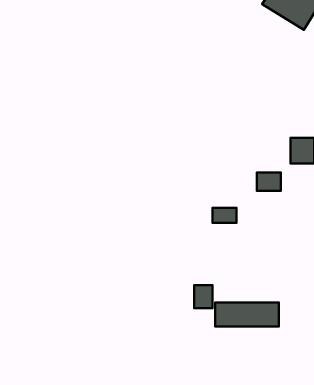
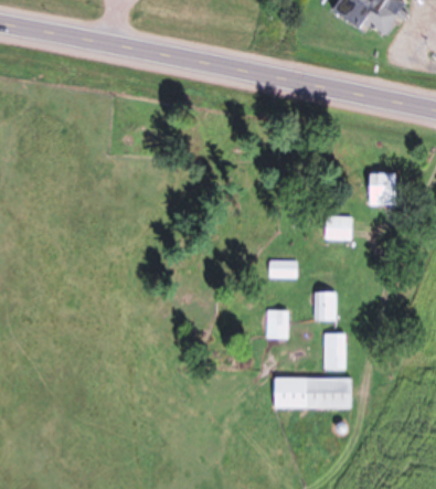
building: none -> [316,291,336,320]
building: none -> [325,333,347,370]
building: [194,285,213,308] -> [267,310,290,339]

